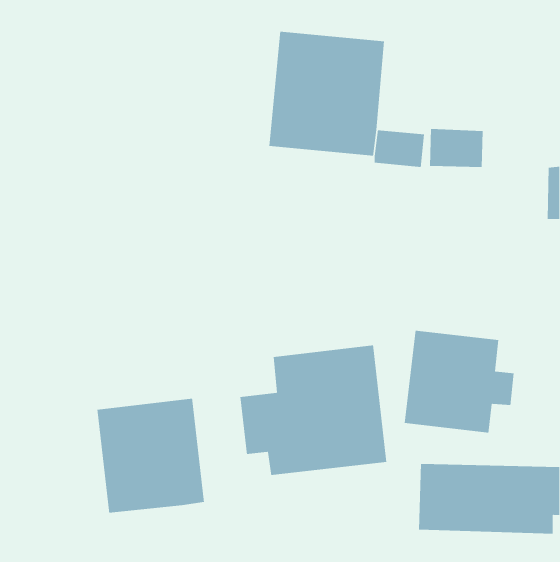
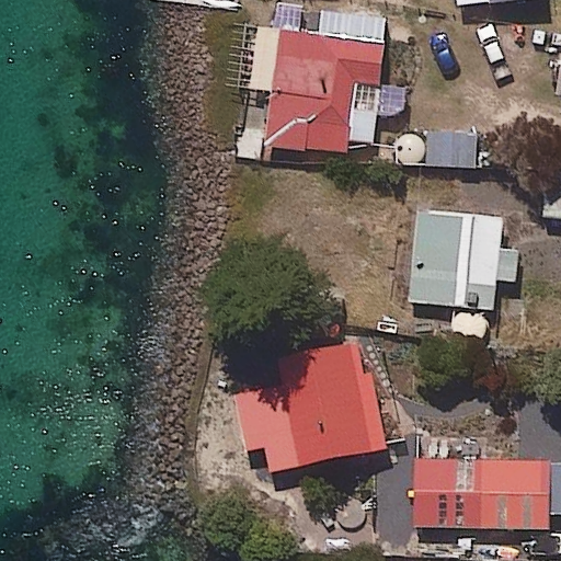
building: [404,330,515,433] -> [408,208,517,310]
building: [97,398,204,514] -> none

